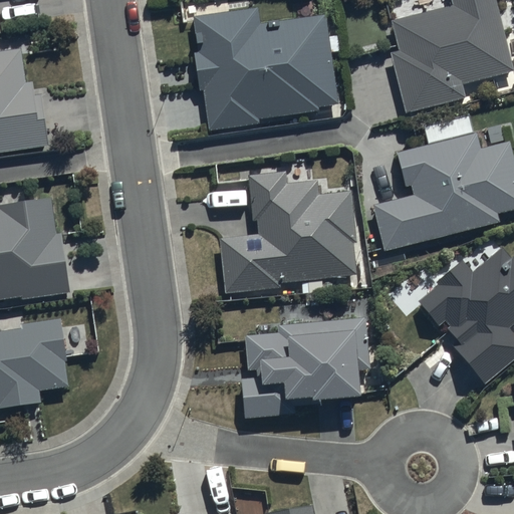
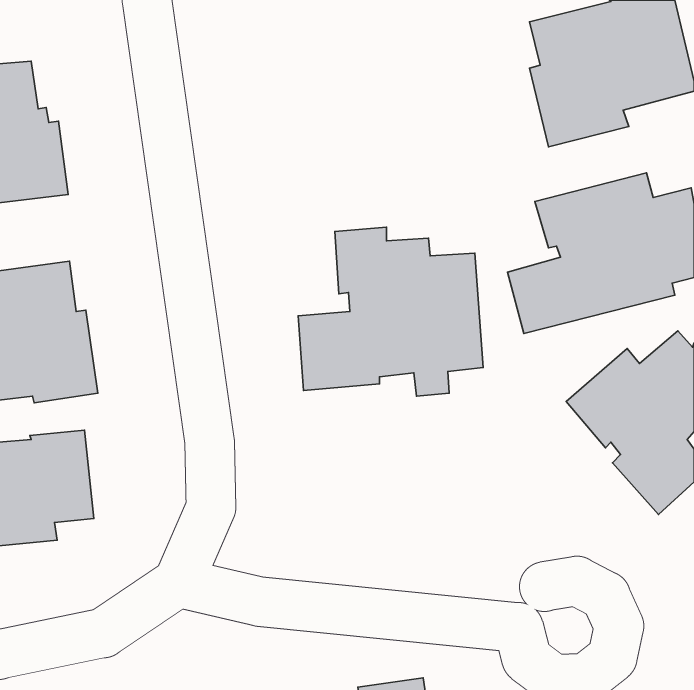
building: [194,10,339,130] -> none
building: [242,316,369,417] -> none

